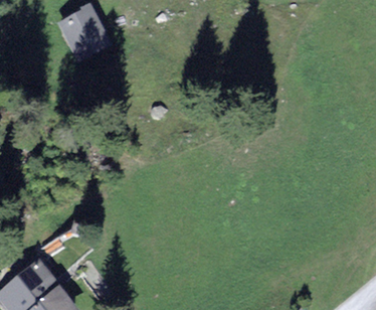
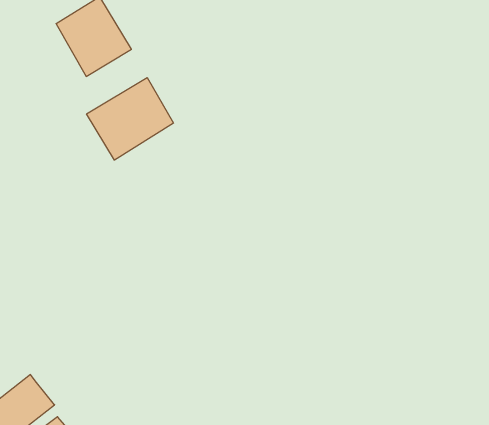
building: none -> [87,78,173,160]

